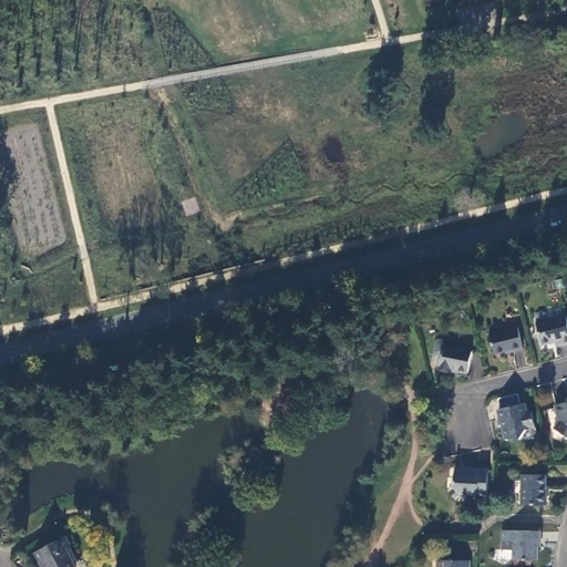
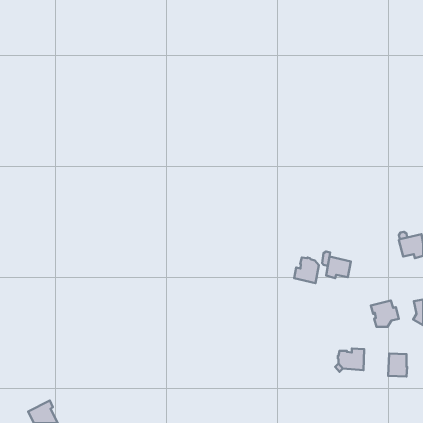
building: [488,326,520,352] -> none
building: none -> [294,258,319,283]
building: [501,529,539,559] -> none

